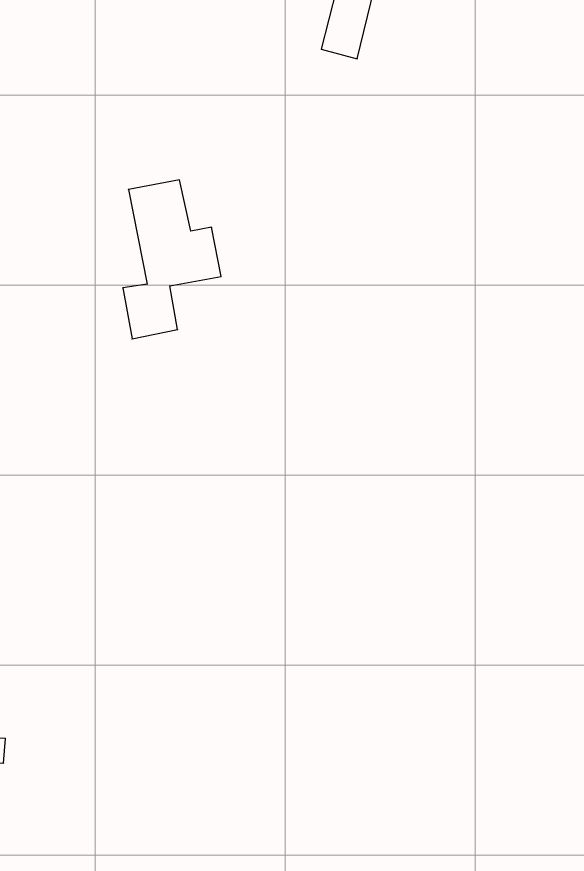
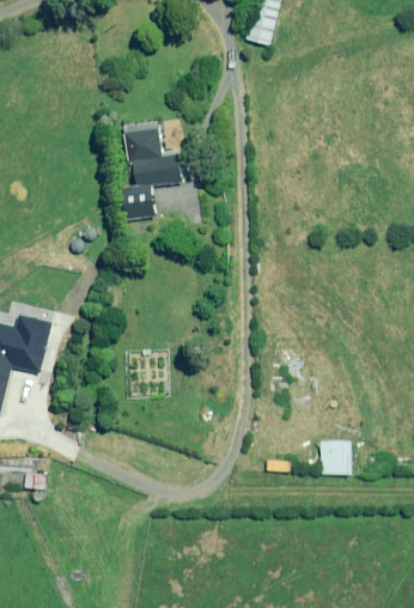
building: none -> [319,440,352,474]

